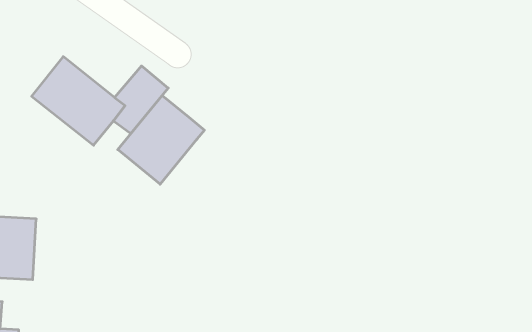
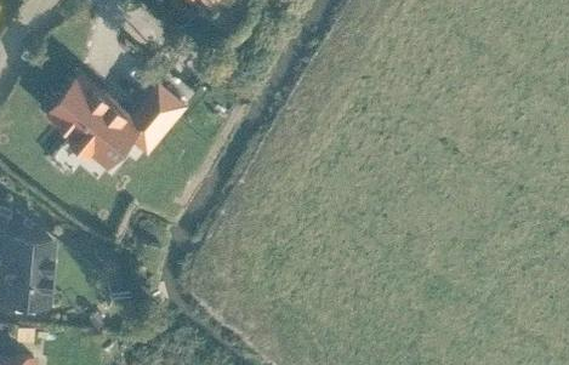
building: [118,96,204,184] -> none

